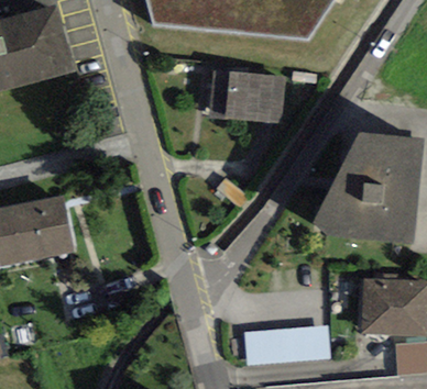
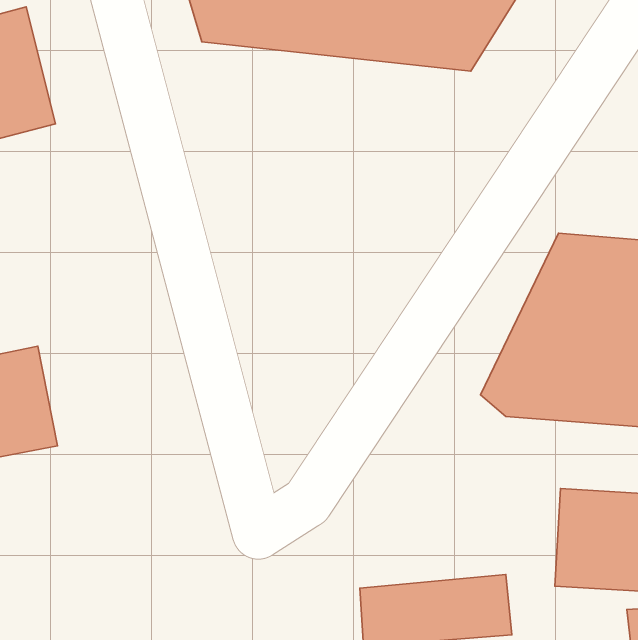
building: [209,69,284,121] -> none

